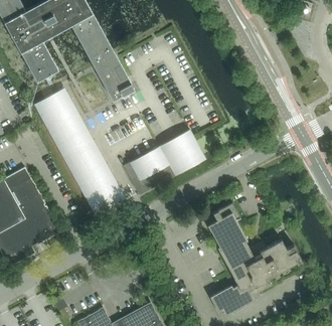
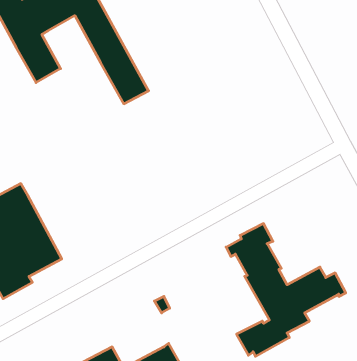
building: [34,88,128,219] -> none
building: [124,130,206,195] -> none

